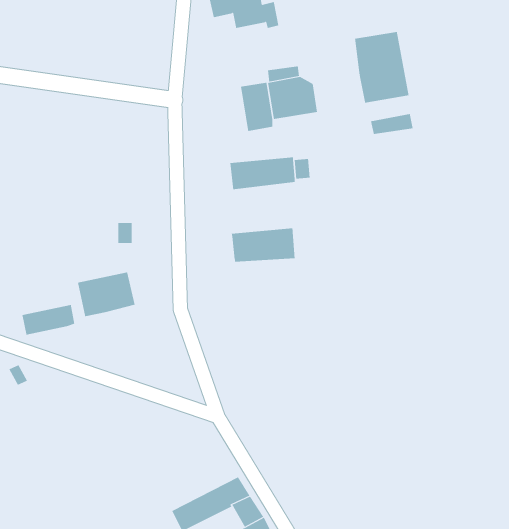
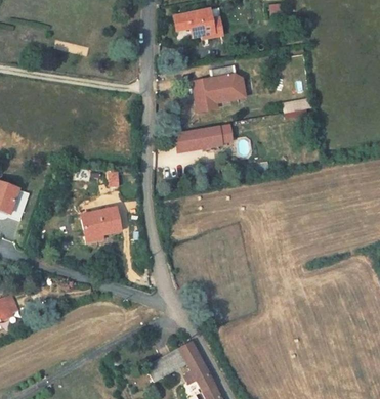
building: [355,31,409,103] -> none
building: [231,227,295,263] -> none
building: [22,304,75,336] -> none

